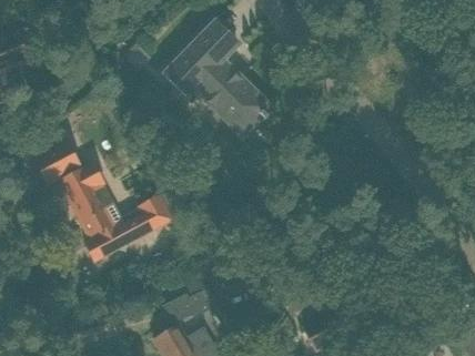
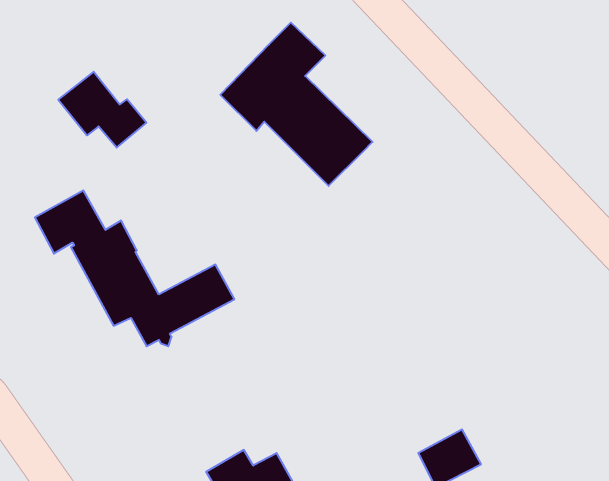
building: none -> [58,72,146,148]
building: [162,285,211,324] -> none

